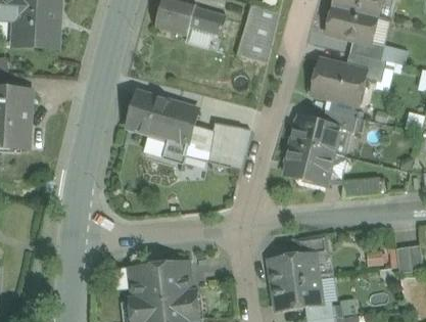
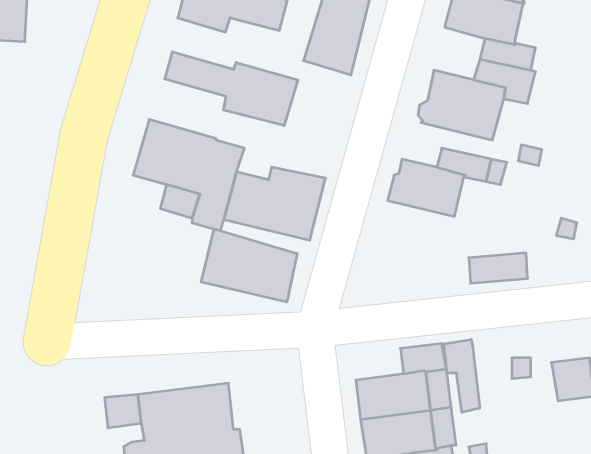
building: none -> [165,52,298,126]
building: [284,144,332,185] -> none
building: none -> [201,229,297,302]
building: none -> [444,339,480,412]

